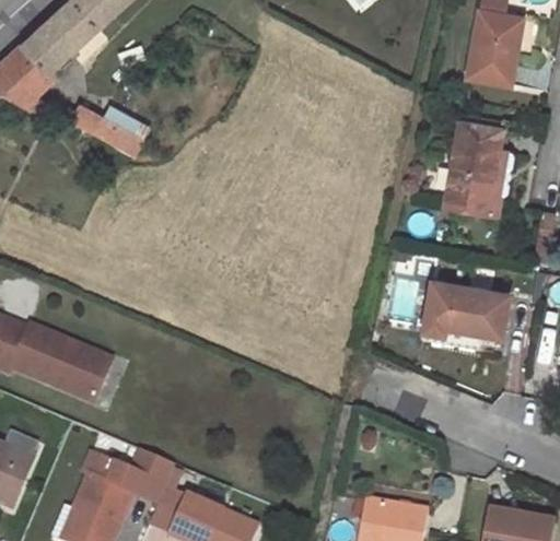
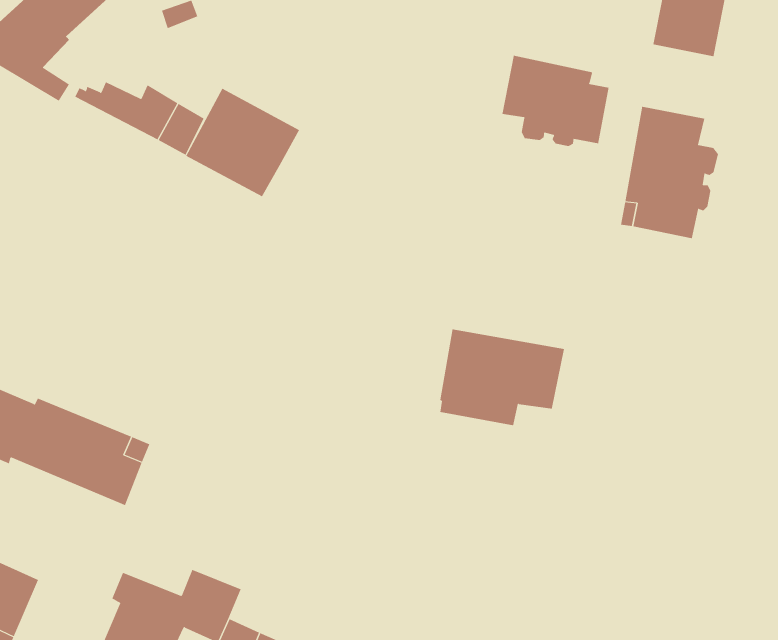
building: none -> [502,55,609,147]
building: none -> [185,88,300,197]
building: [422,280,511,349] -> [440,329,565,426]

